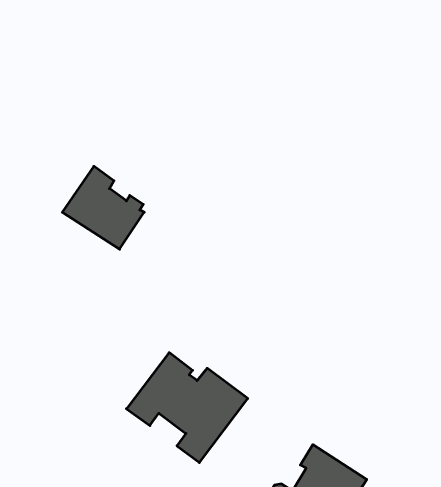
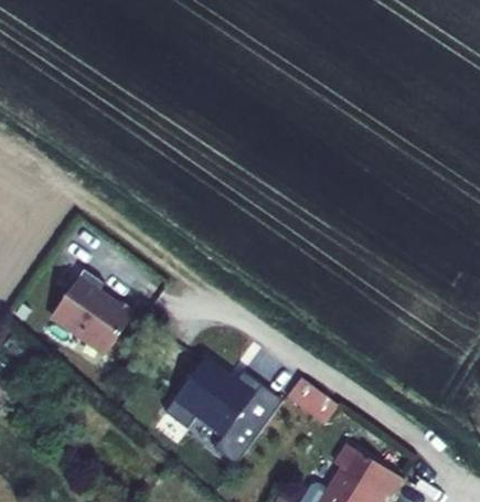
building: [62,166,144,249] -> [55,267,136,349]
building: none -> [285,380,335,426]

